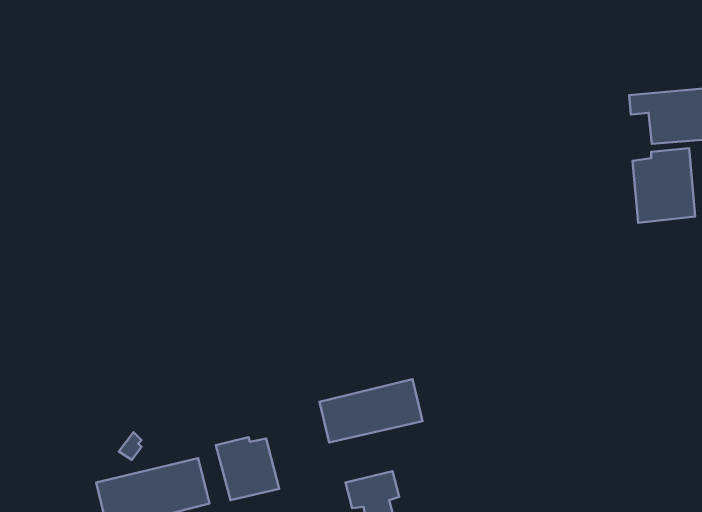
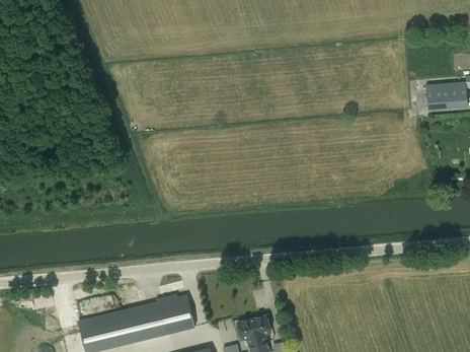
building: [632,148,695,223] -> none
building: [320,379,422,442] -> none

